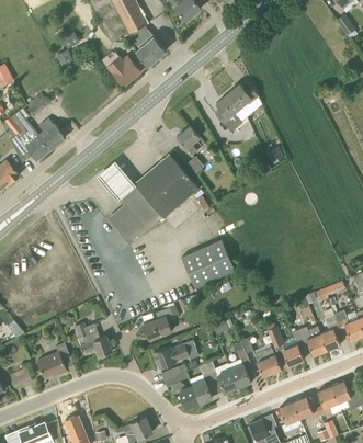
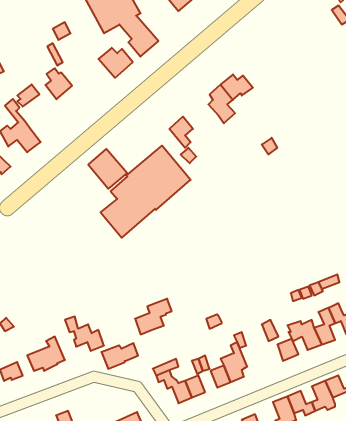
building: [38,120,65,150] -> [45,68,72,99]
building: [185,237,239,285] -> none
building: [152,343,189,368] -> [101,343,138,369]
building: [254,347,280,376] -> none

